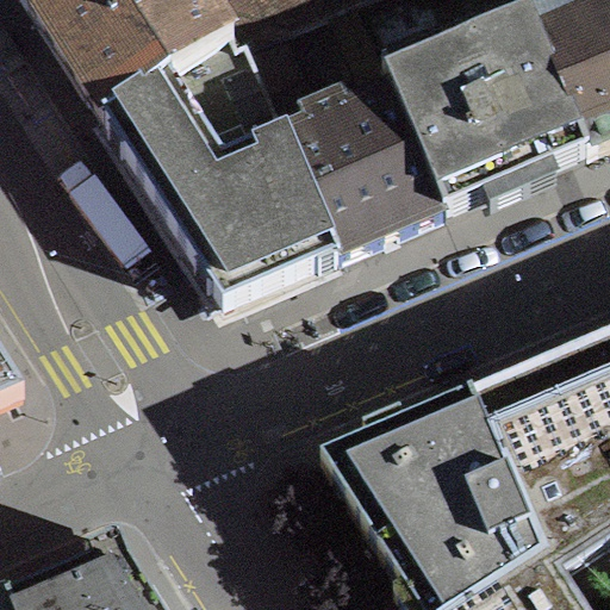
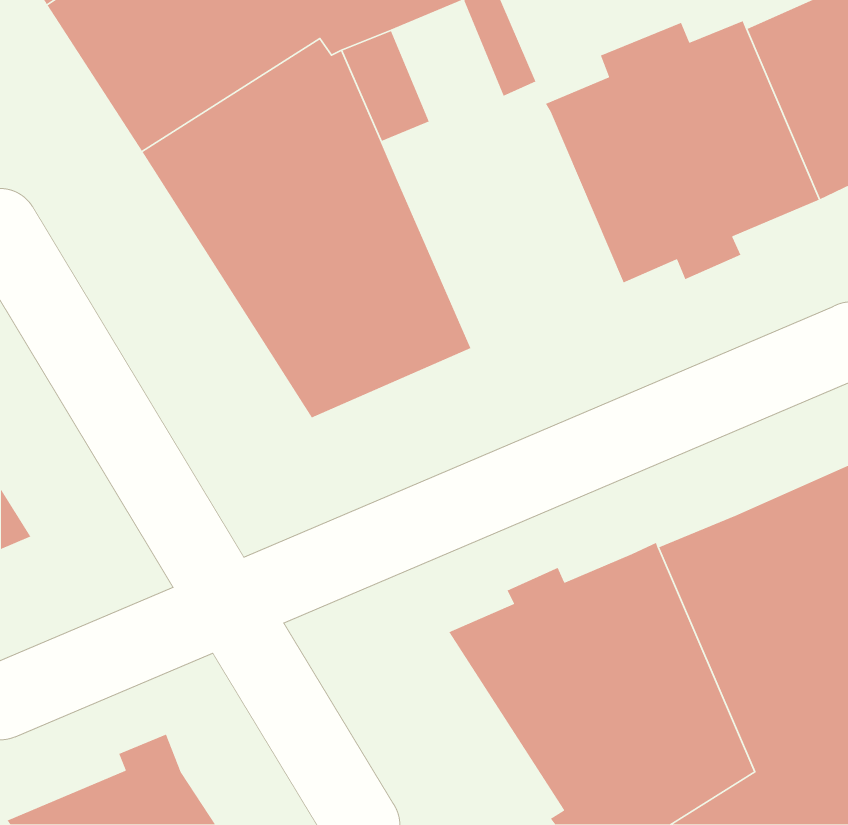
building: [286,80,448,249] -> none

